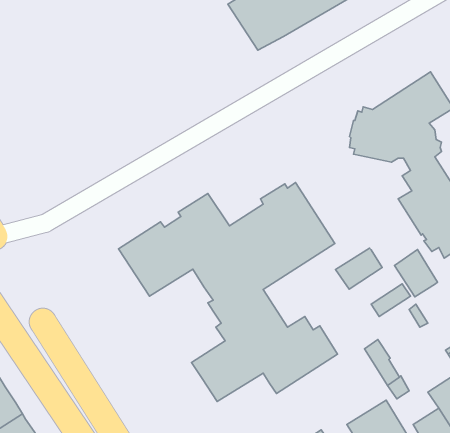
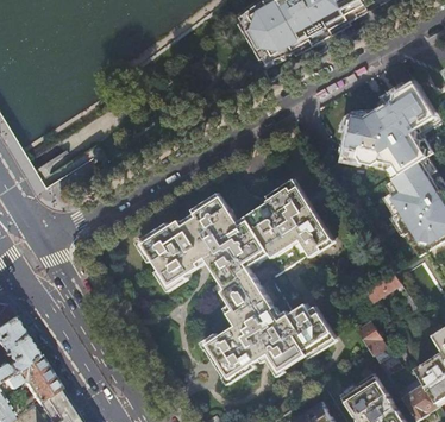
building: [335,248,382,289] -> none
building: [395,249,437,297] -> none

